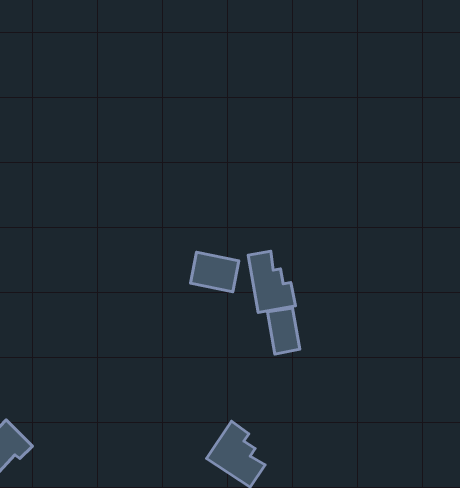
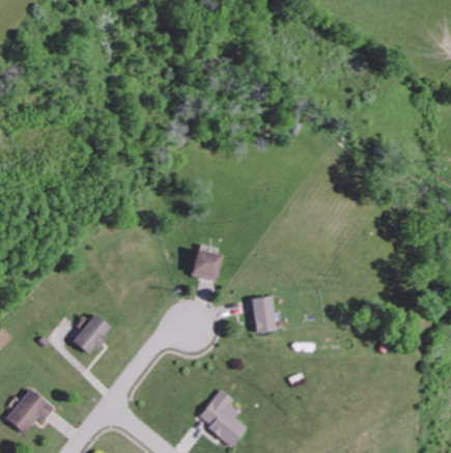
building: [248,251,295,312] -> none
building: none -> [72,313,111,356]

